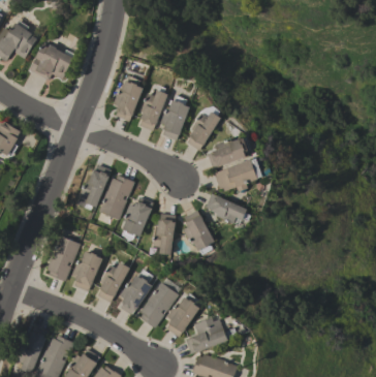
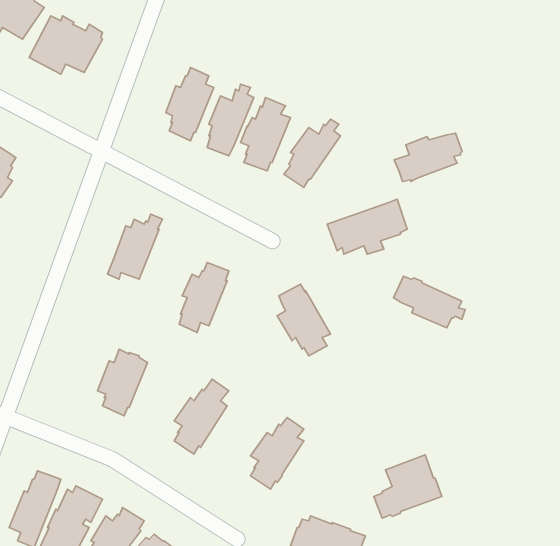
building: [208,137,250,167] -> [394,133,462,181]
building: [99,175,134,219] -> none
building: [206,193,250,225] -> [394,276,465,328]
building: [153,213,176,254] -> none
building: [46,235,81,281] -> none
building: [97,261,130,303] -> none
building: [139,282,179,327] -> none
building: [186,314,228,353] -> [374,455,442,518]

